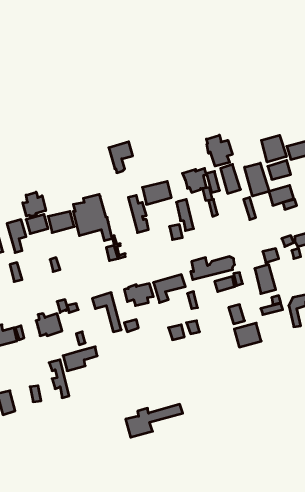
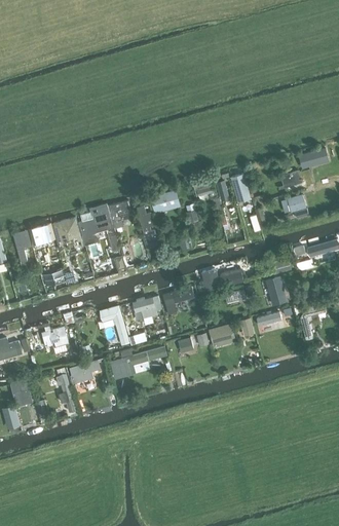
building: [206,135,232,166] -> none
building: [261,135,286,162] -> none
building: [109,142,133,173] -> [107,199,131,231]
building: [245,163,269,196] -> none
building: [23,192,46,216] -> none
building: [234,323,261,347] -> [208,323,235,347]
building: none -> [9,379,32,406]
building: [126,404,183,437] -> [108,345,166,379]

